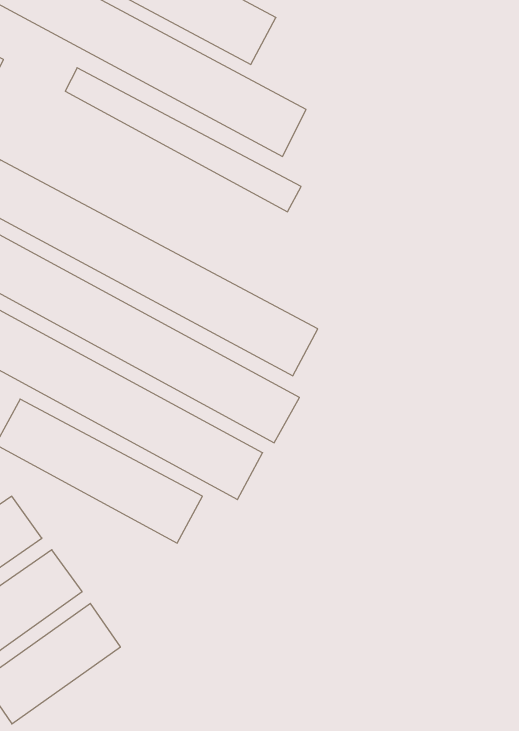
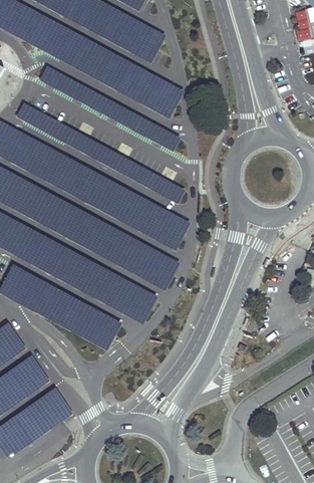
building: none -> [16,103,186,205]

